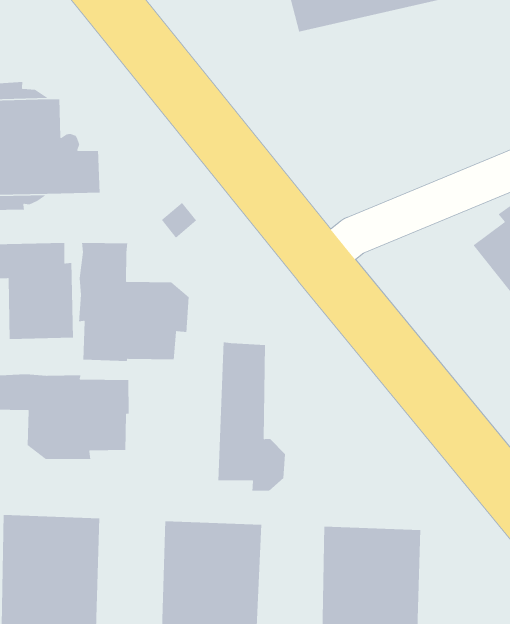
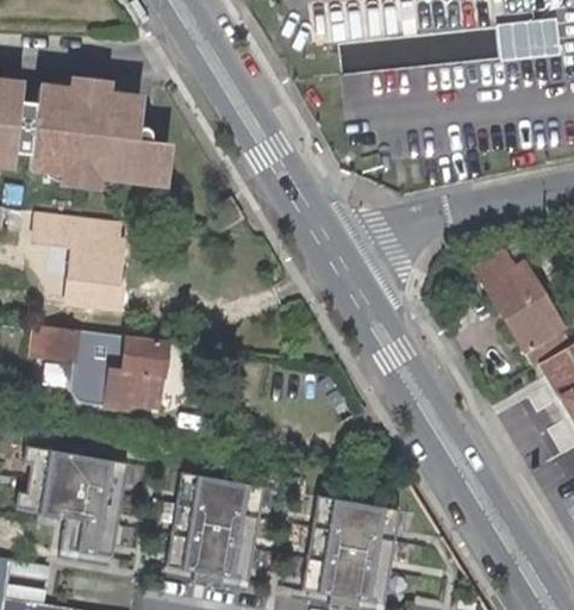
building: [78,242,190,362] -> none
building: [218,342,286,492] -> none

